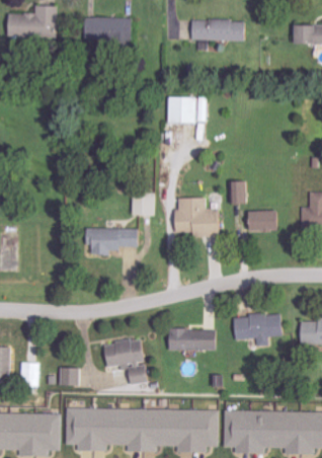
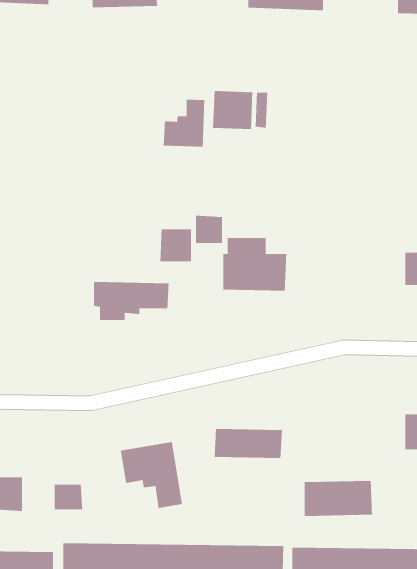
building: none -> [163,99,205,148]
building: [228,181,246,204] -> none
building: none -> [195,215,223,244]
building: [249,211,278,231] -> none
building: [235,314,283,339] -> [304,480,373,517]

